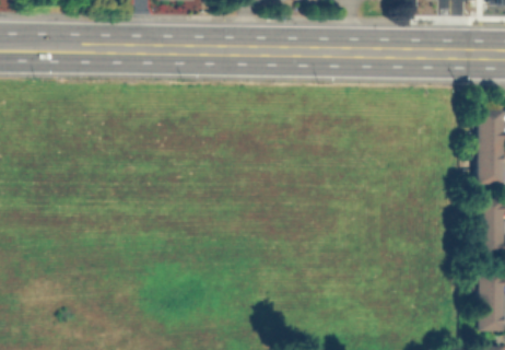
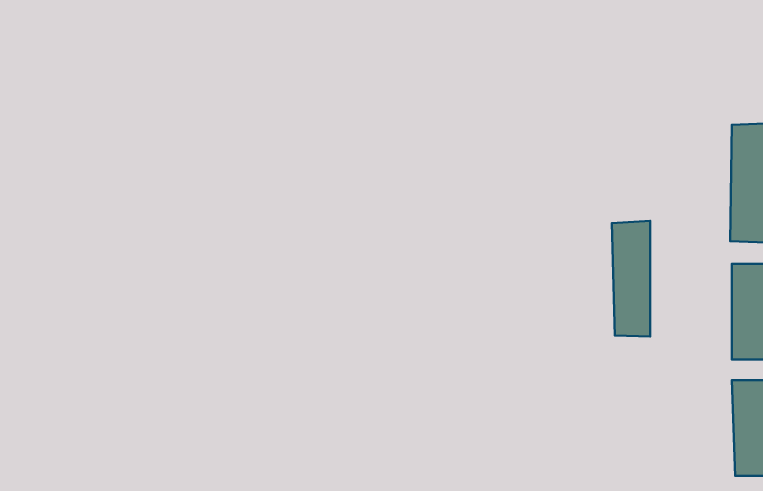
building: none -> [612,221,650,337]

